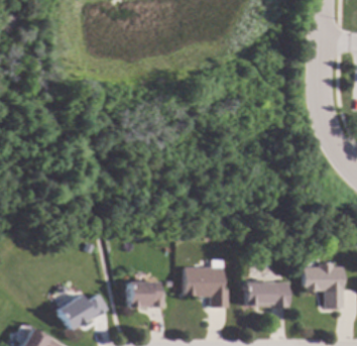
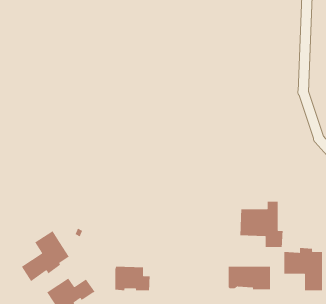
building: none -> [21,230,70,282]
building: [183,259,228,308] -> [239,201,283,248]

